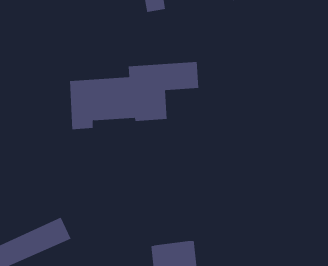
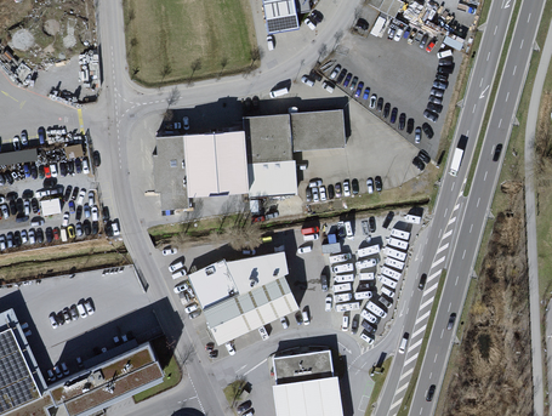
building: none -> [189,247,301,344]
building: none -> [274,351,332,382]

